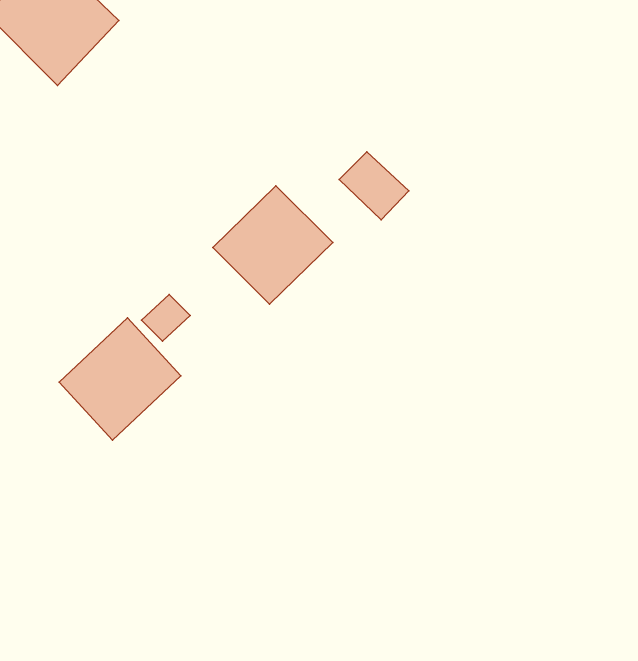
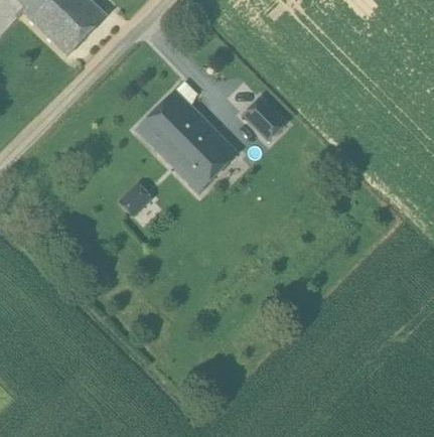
building: none -> [136,89,202,155]
building: [59,318,181,440] -> none

